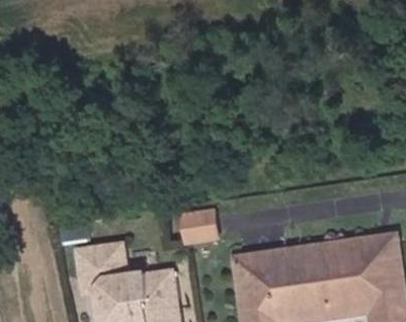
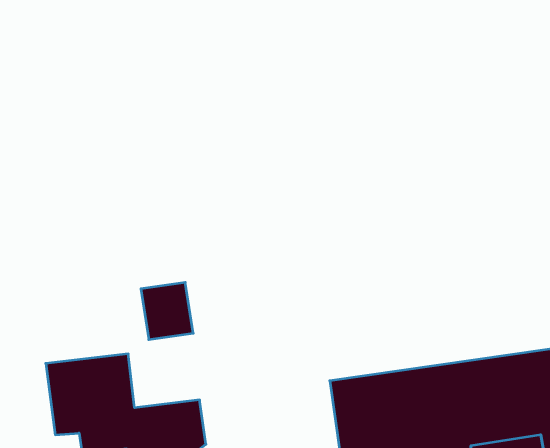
building: [180,205,214,241] -> [141,282,193,340]

